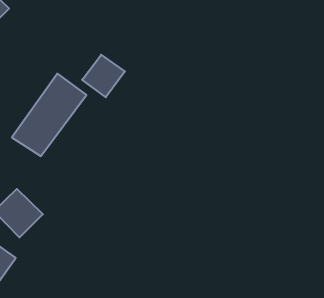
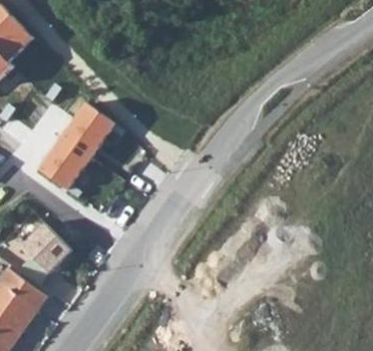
building: [82,55,125,97] -> none

